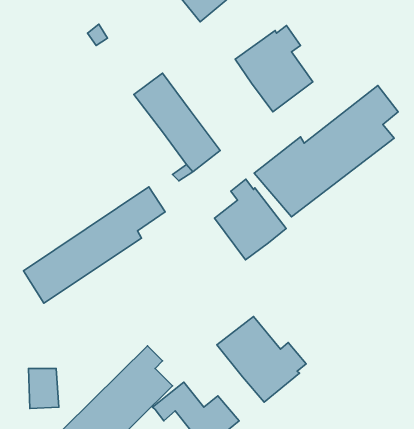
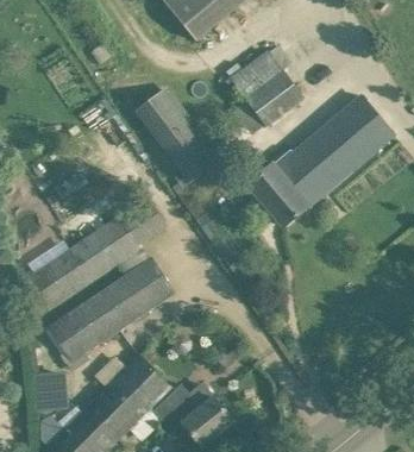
building: [215,179,286,260] -> none
building: none -> [49,247,188,359]
building: [217,316,306,402] -> none

